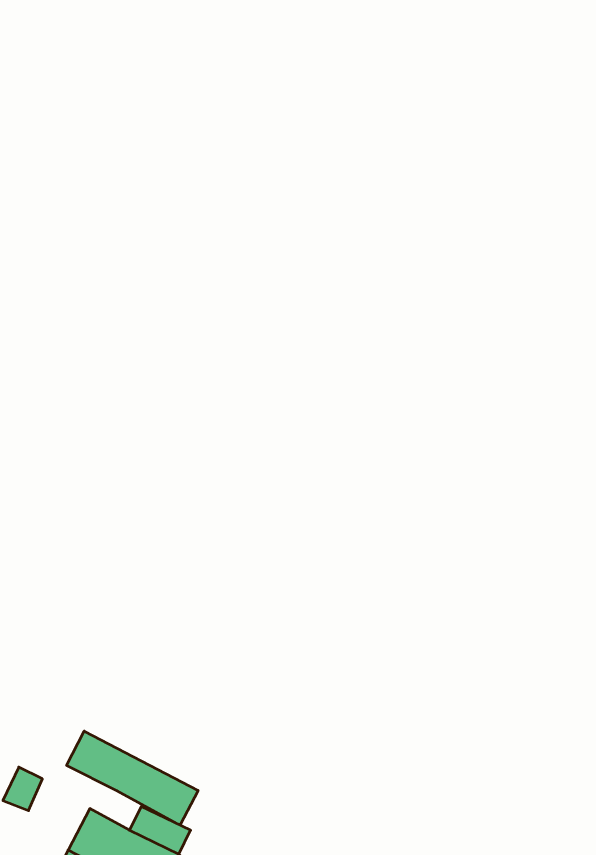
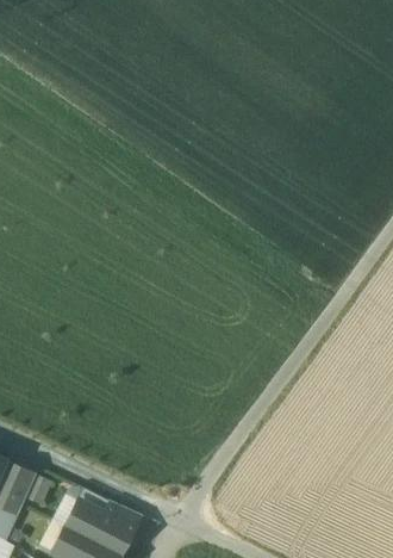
building: [67,731,198,825] -> none

